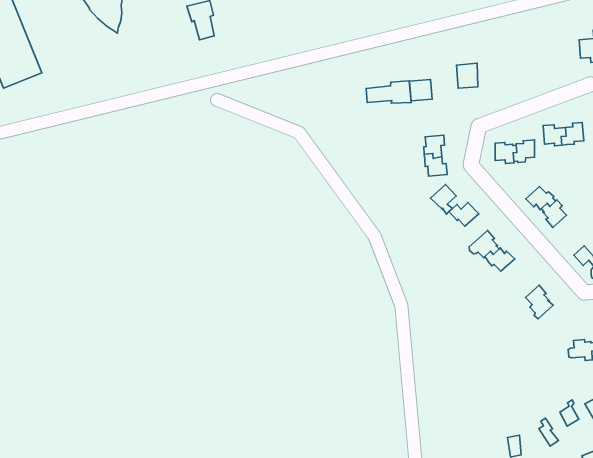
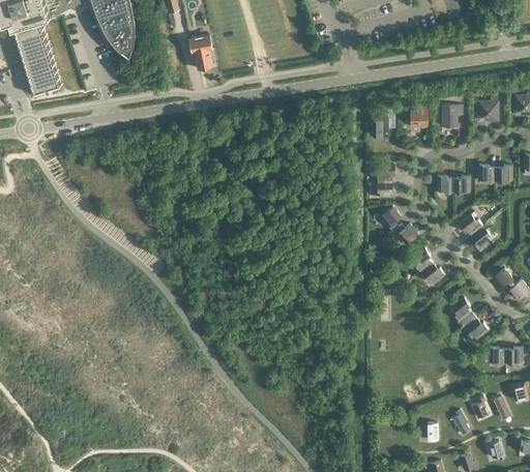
building: none -> [478,94,498,121]
building: none -> [441,105,462,126]
building: [366,81,411,103] -> none
building: none -> [461,316,489,344]

